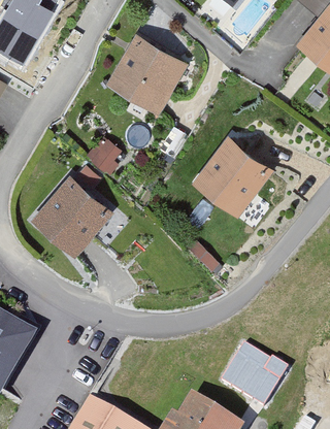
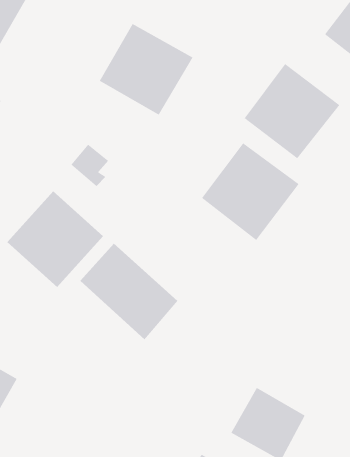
building: none -> [244,63,340,159]
building: none -> [80,243,178,340]

